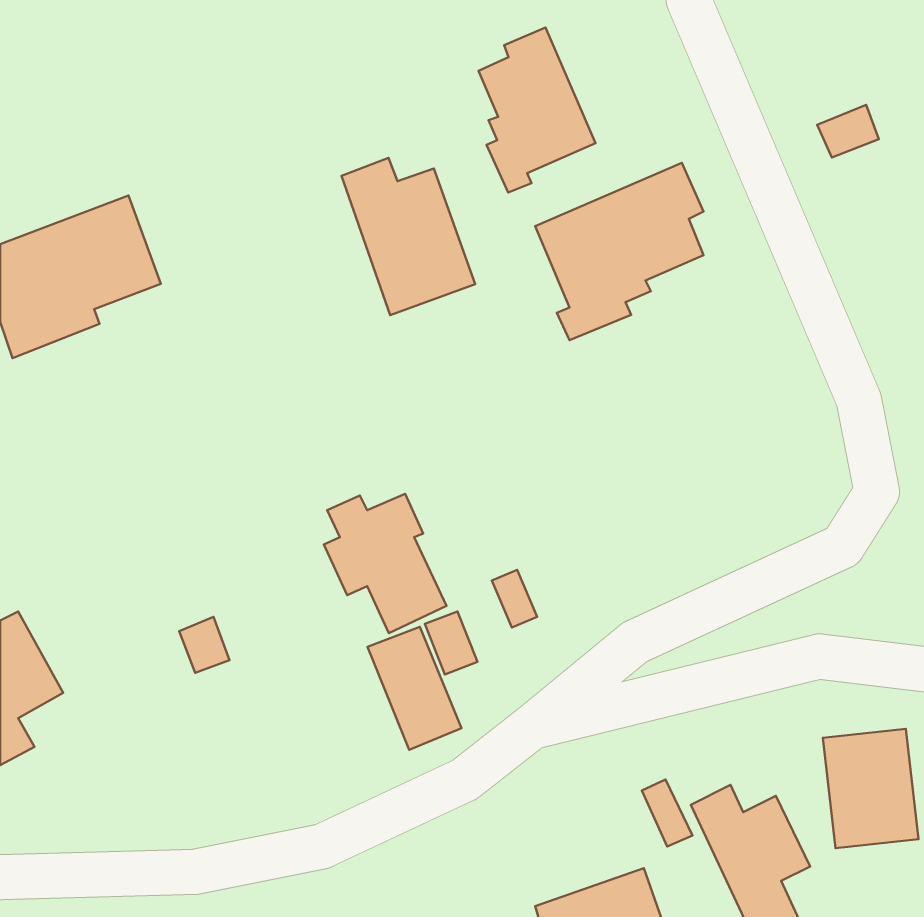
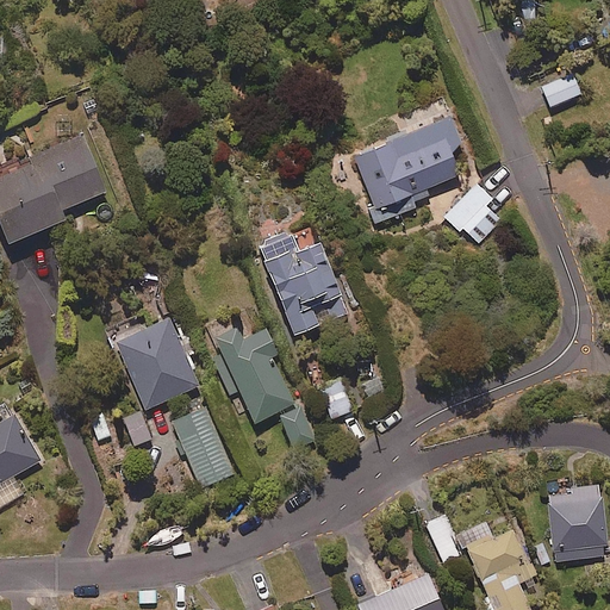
building: [479,28,596,193] -> none
building: [341,158,475,315] -> [261,229,349,332]
building: none -> [443,181,503,248]
building: none -> [117,318,198,409]
building: [368,627,462,750] -> [172,409,234,490]

